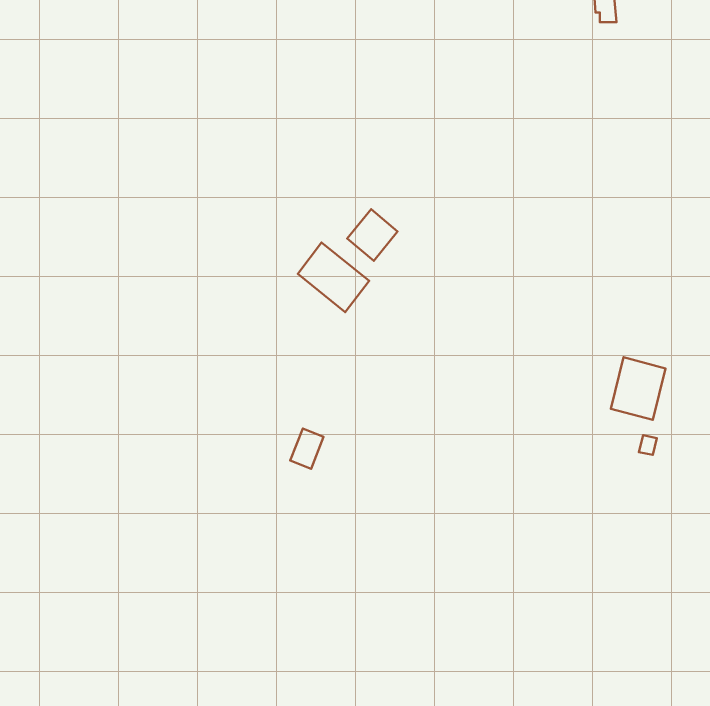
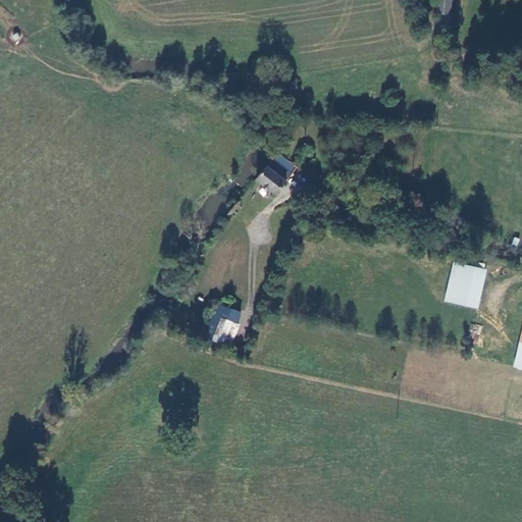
building: [298,242,369,312] -> none

